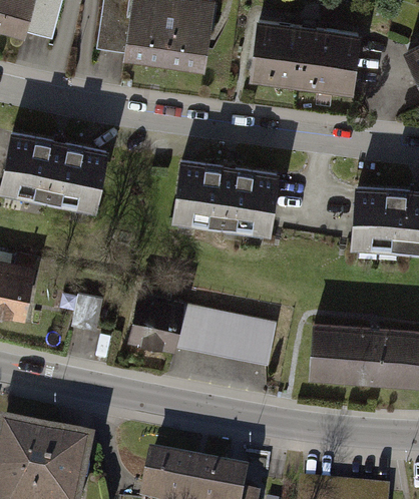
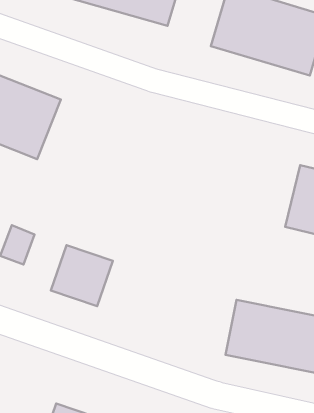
building: [173,162,281,237] -> none
building: [175,307,276,372] -> none

